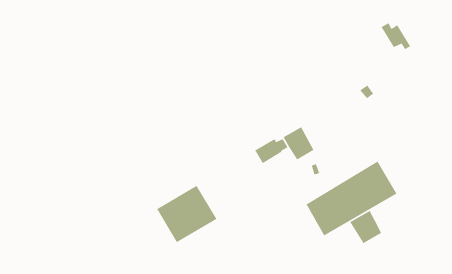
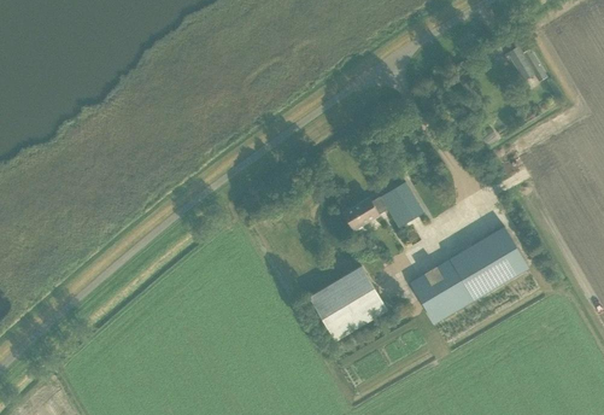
building: [156,185,217,243] -> [309,265,388,341]
building: [349,210,382,244] -> none

